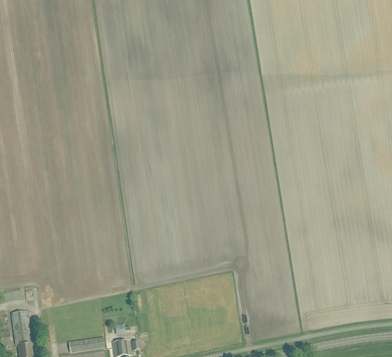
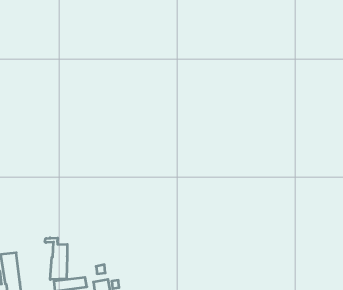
building: none -> [45,238,67,280]

